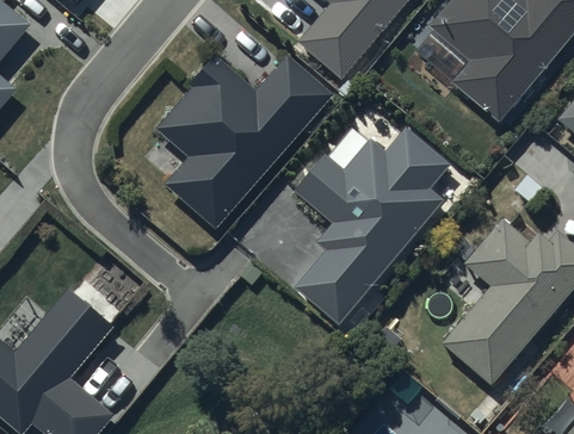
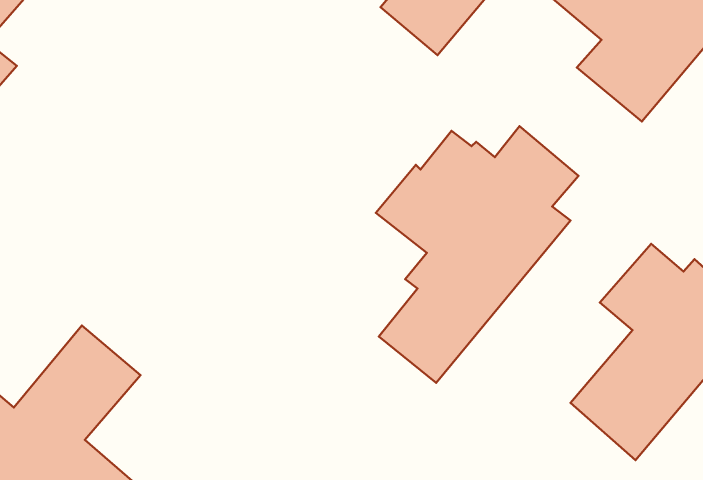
building: [155,50,333,224] -> none

